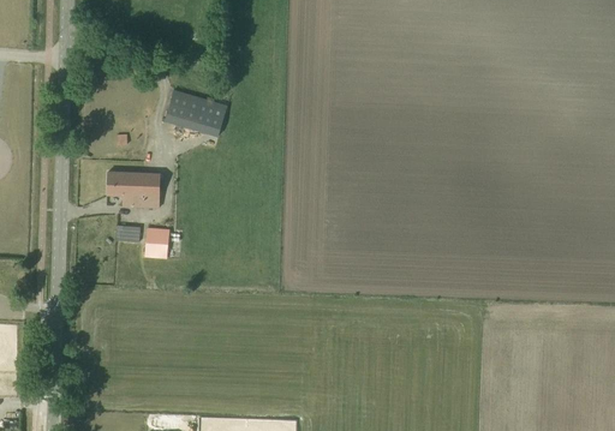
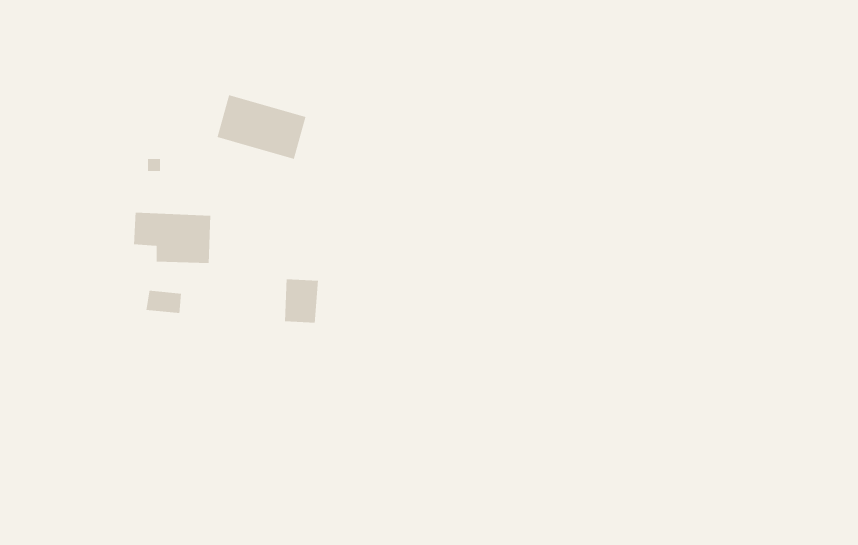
building: [145,227,169,258] -> [284,278,319,324]

